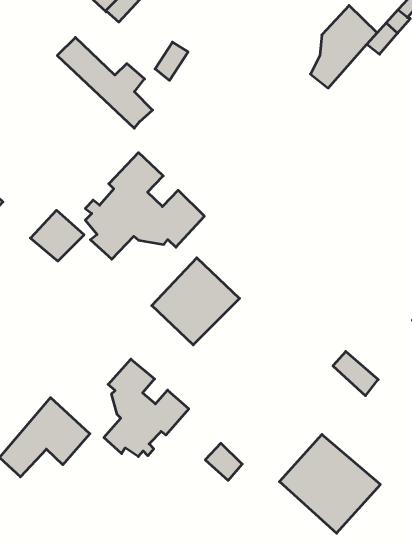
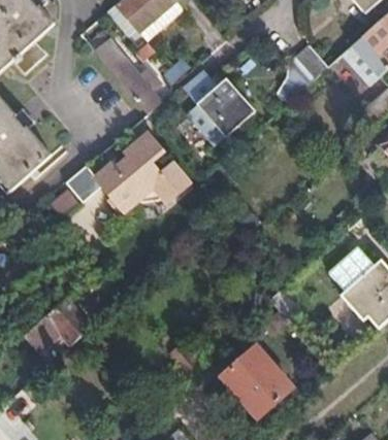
building: none -> [182,69,253,145]
building: [152,258,240,345] -> none
building: [104,359,189,457] -> none

